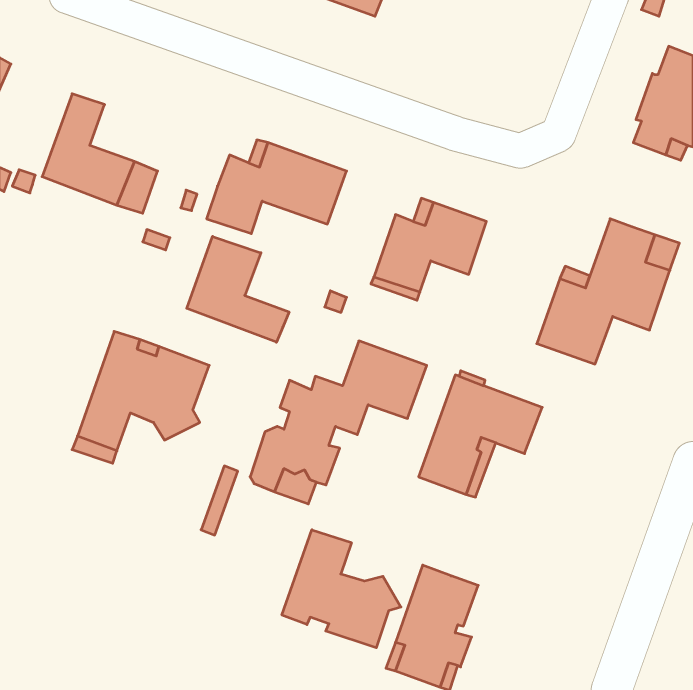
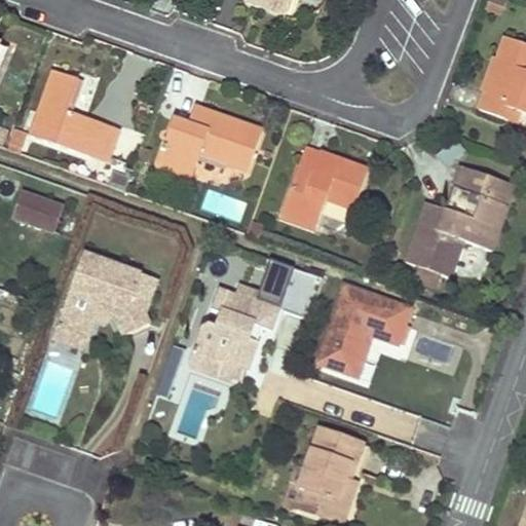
building: [187,236,289,342] -> none
building: none -> [14,191,62,230]
building: [282,530,401,648] -> none

